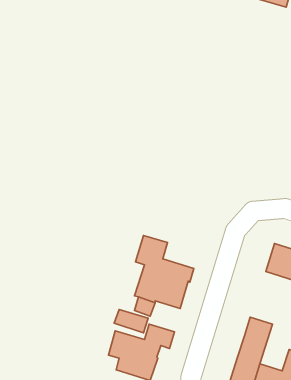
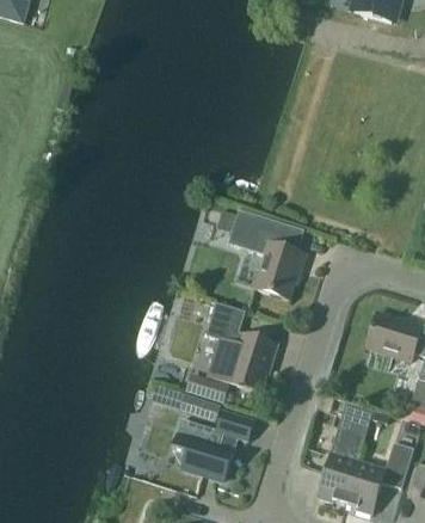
building: none -> [230,208,304,299]

